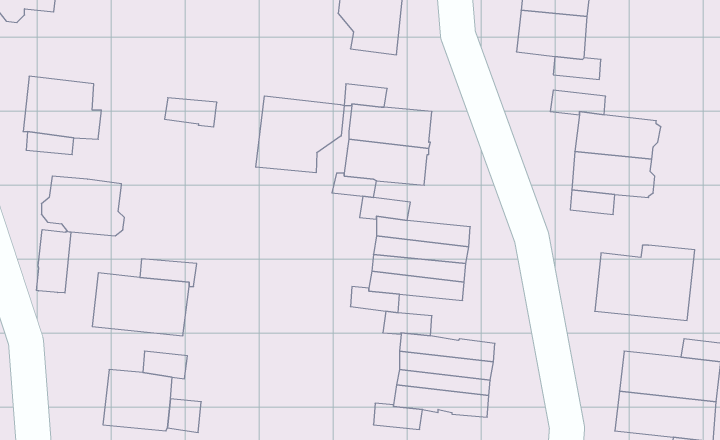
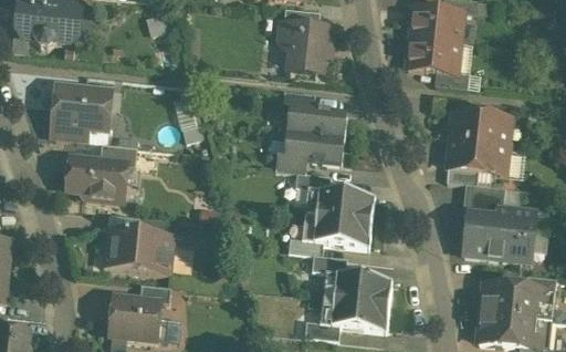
building: [256,96,344,173] -> none
building: [165,98,217,127] -> [98,145,136,166]
building: none -> [462,185,504,217]
building: [36,230,71,293] -> none

